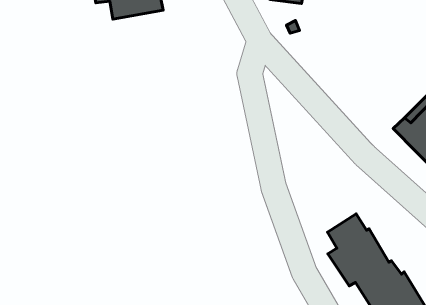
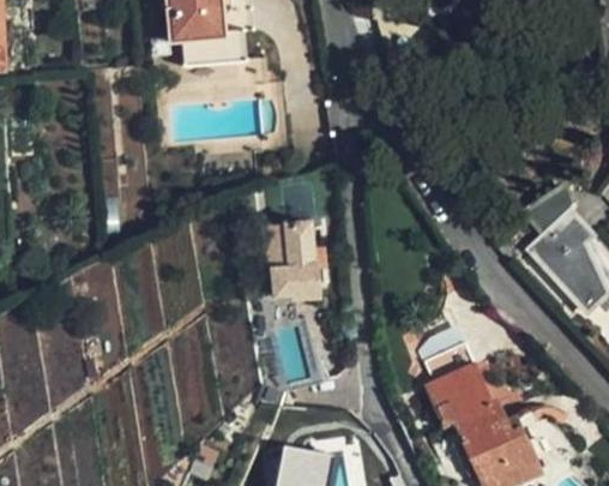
building: none -> [264,222,321,308]

